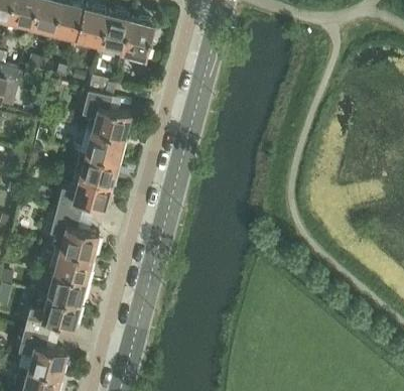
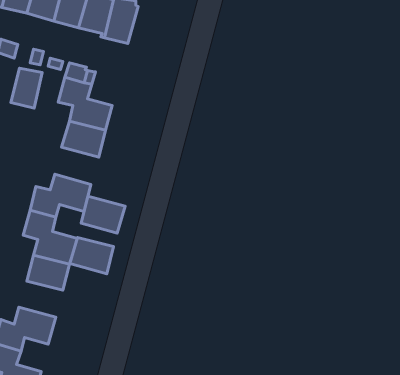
building: none -> [11,68,42,108]
building: [79,155,118,188] -> [81,196,125,233]
building: [46,275,86,307] -> [70,238,114,274]

